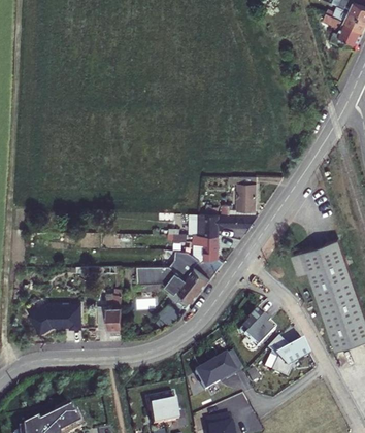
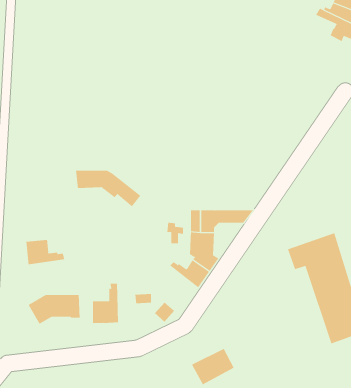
building: [217,175,254,213] -> none
building: none -> [26,239,65,265]
building: [134,266,200,303] -> [75,170,141,207]
building: [235,310,273,344] -> none
building: [264,334,309,376] -> none

